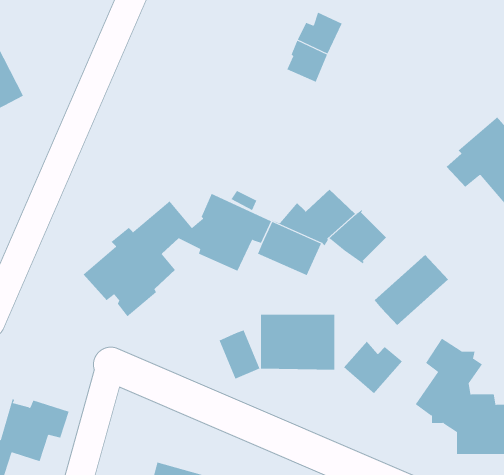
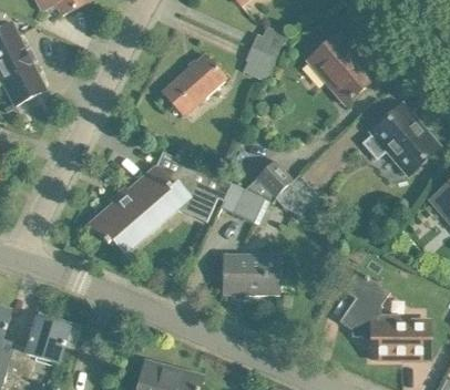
building: none -> [306,32,377,103]
building: none -> [162,53,226,115]
building: [374,254,449,326] -> none
building: [219,329,260,379] -> none
building: [343,341,403,394] -> none

